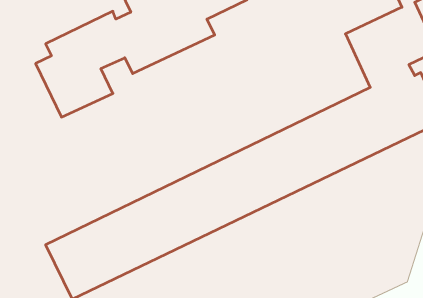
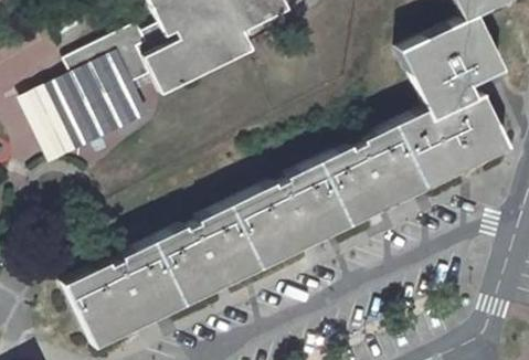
building: none -> [22,84,84,159]

